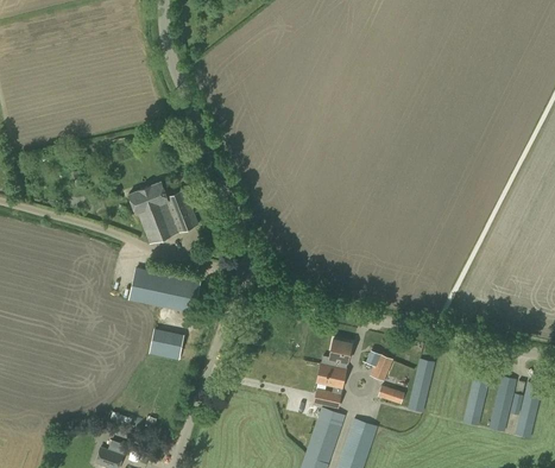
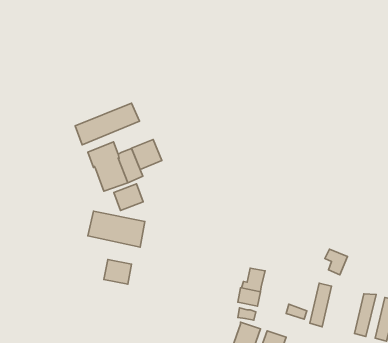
building: none -> [75,103,139,145]
building: none -> [132,139,162,170]
building: none -> [114,184,143,210]
building: [364,350,392,382] -> [325,249,348,275]

